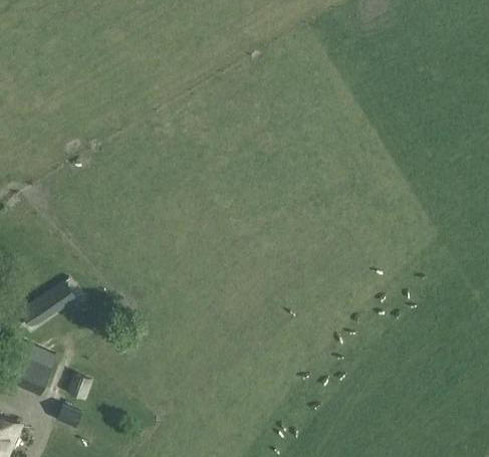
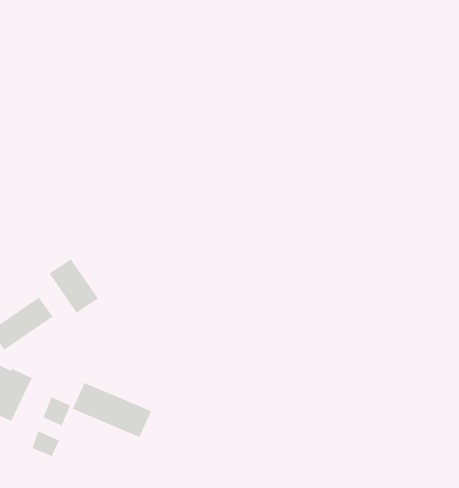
building: none -> [49,258,99,314]
building: none -> [72,382,152,438]

